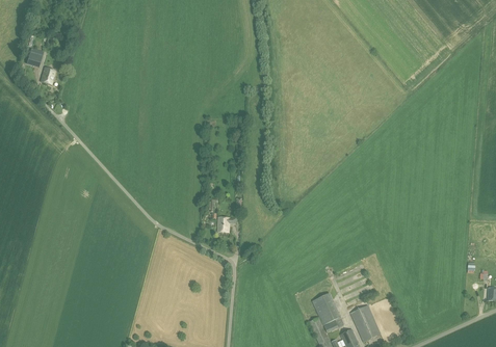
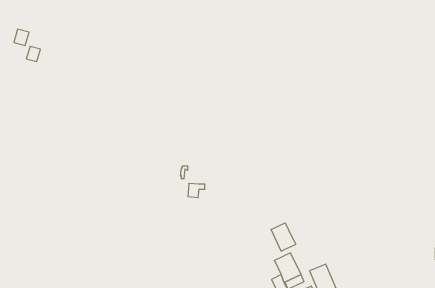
building: none -> [271,223,296,251]

